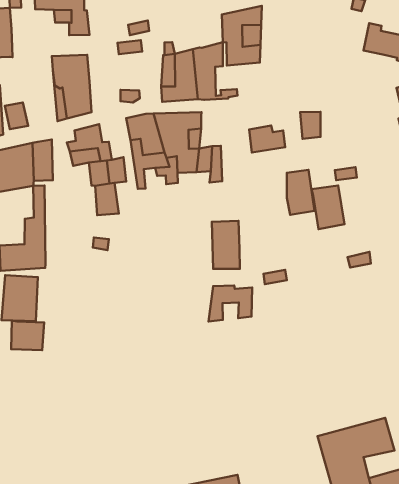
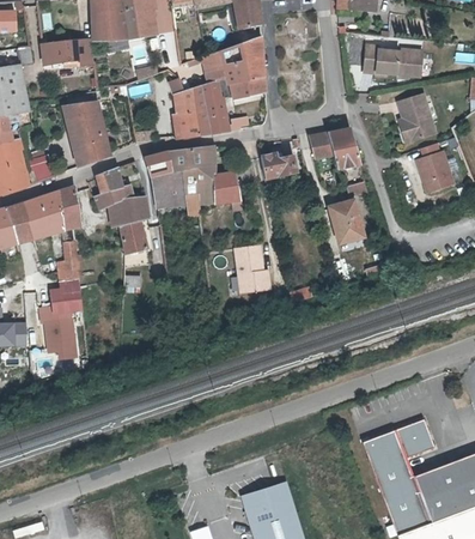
building: none -> [207,50,229,84]
building: [287,170,314,215] -> [328,128,358,172]
building: [209,285,252,321] -> none
building: [11,321,44,350] -> none

